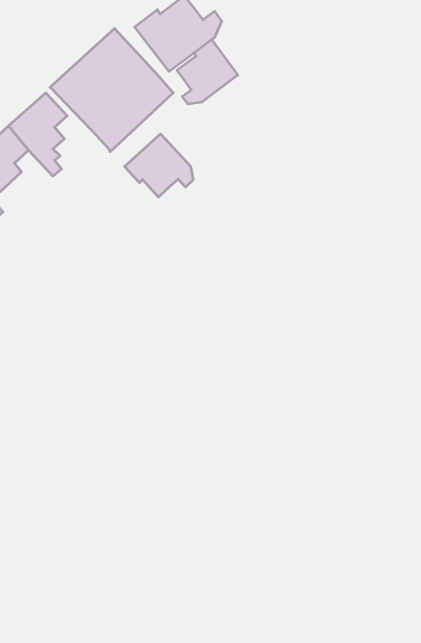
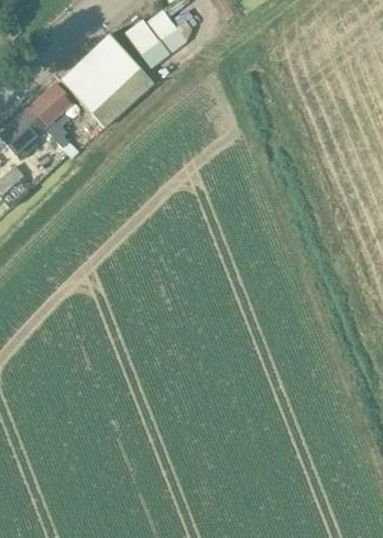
building: [177,39,238,104] -> none
building: [125,134,193,197] -> none

